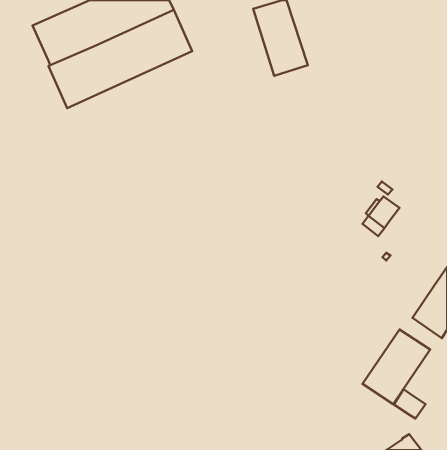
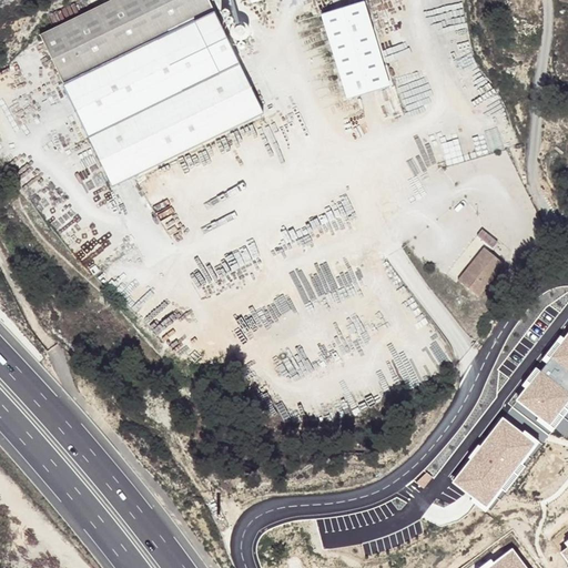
building: none -> [85,64,265,187]
building: [394,389,426,419] -> none

